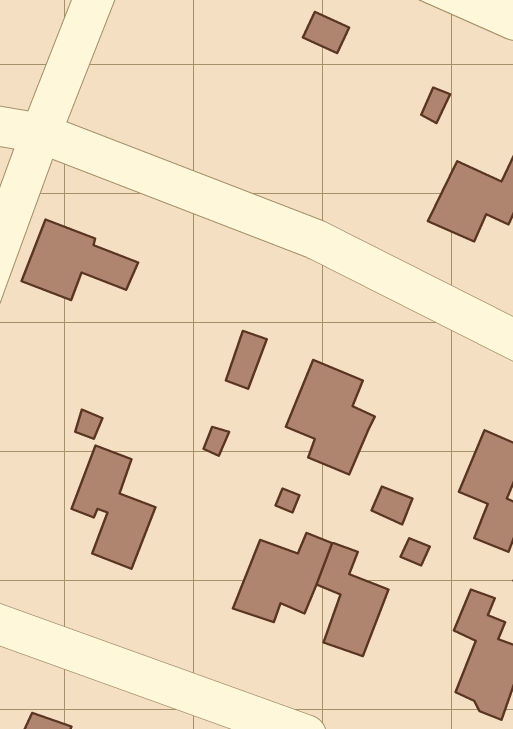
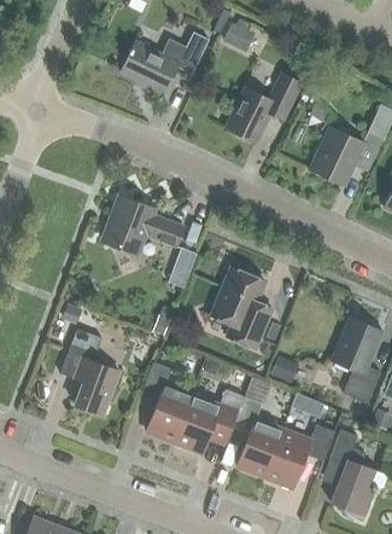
building: none -> [121,33,209,98]
building: none -> [226,74,302,144]
building: [22,220,138,300] -> [103,197,185,254]
building: none -> [142,362,193,443]
building: none -> [265,425,334,488]

